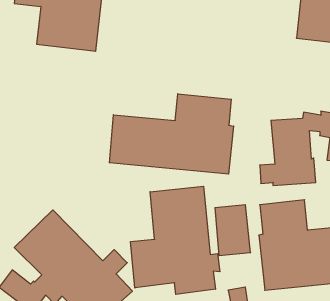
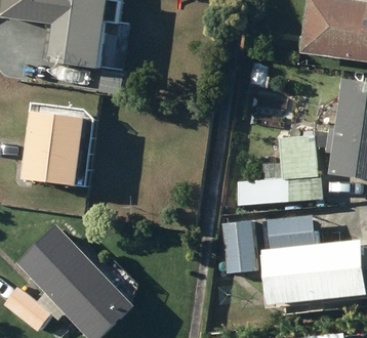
building: [109,94,234,174] -> none
building: none -> [26,114,88,183]
building: [131,186,220,294] -> none

